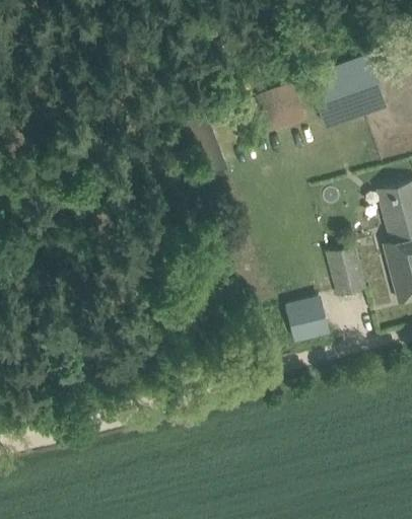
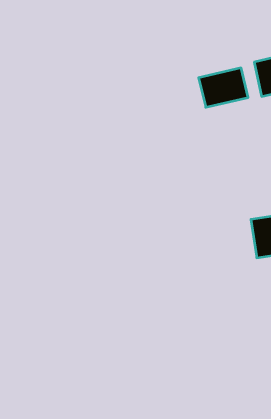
building: [287,301,327,341] -> none

